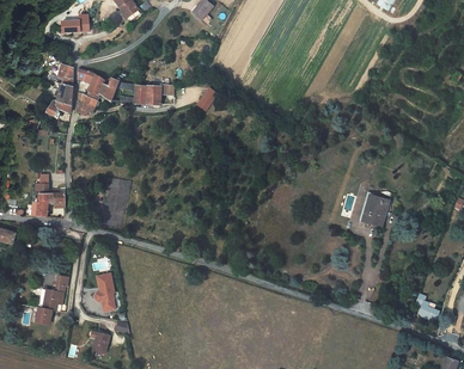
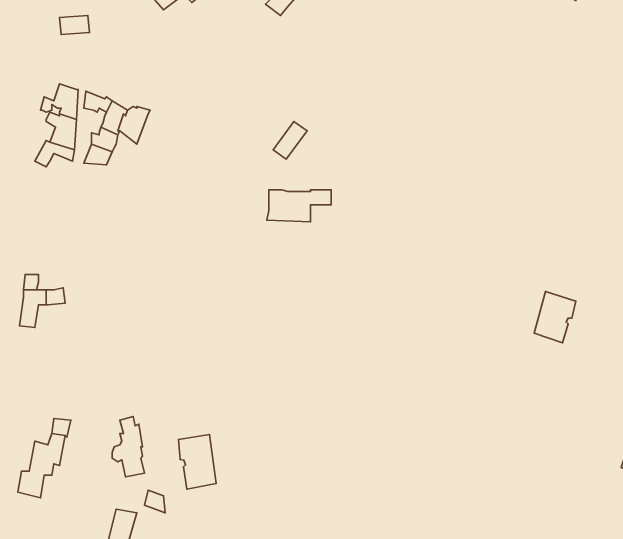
building: [133,85,173,105] -> [267,190,331,222]
building: none -> [178,434,216,489]

